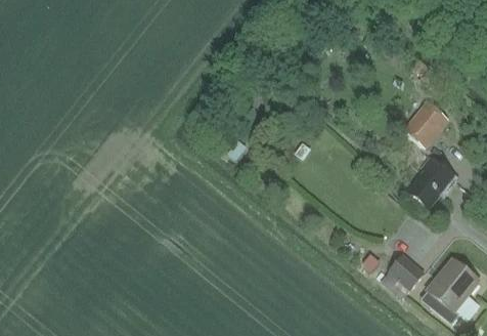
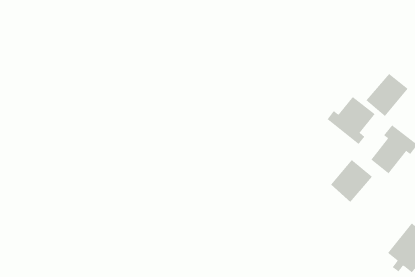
building: none -> [327,96,375,145]
building: [381,253,426,299] -> [330,159,373,203]

